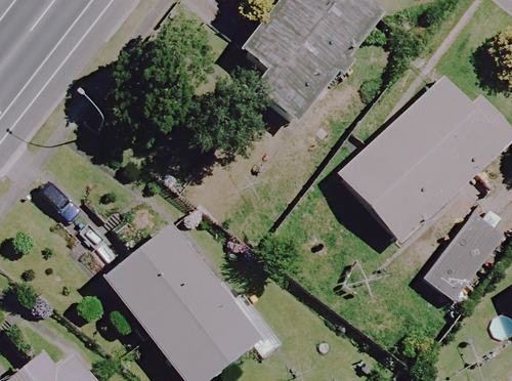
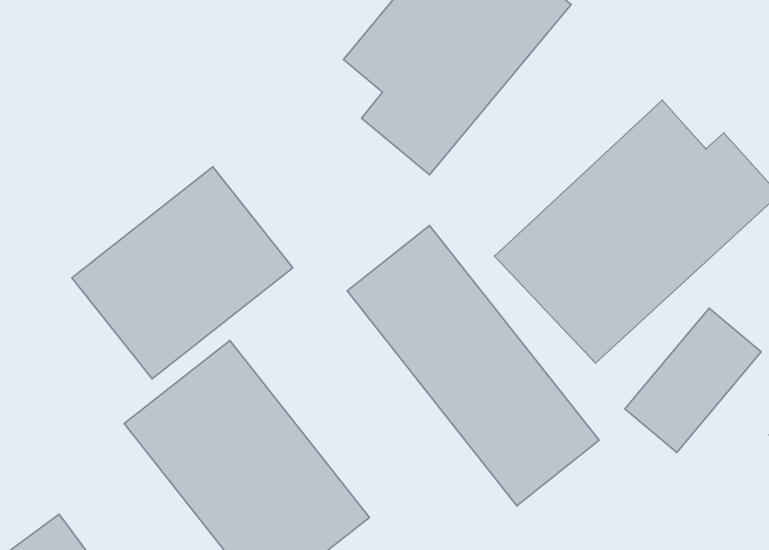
building: none -> [72,167,293,379]
building: none -> [347,225,599,506]

